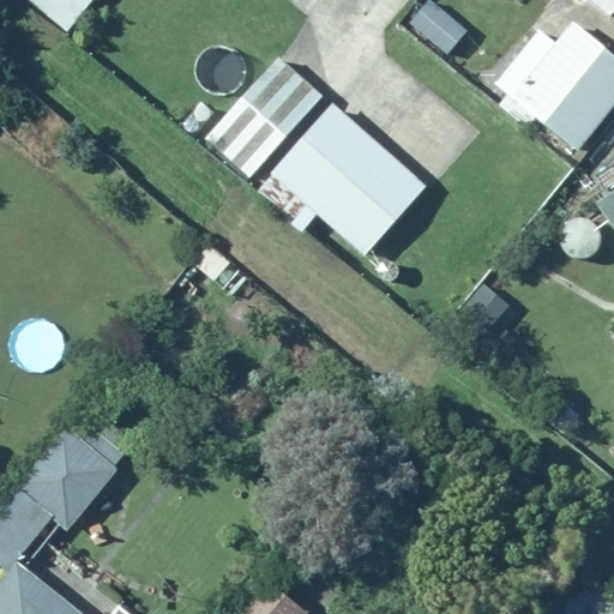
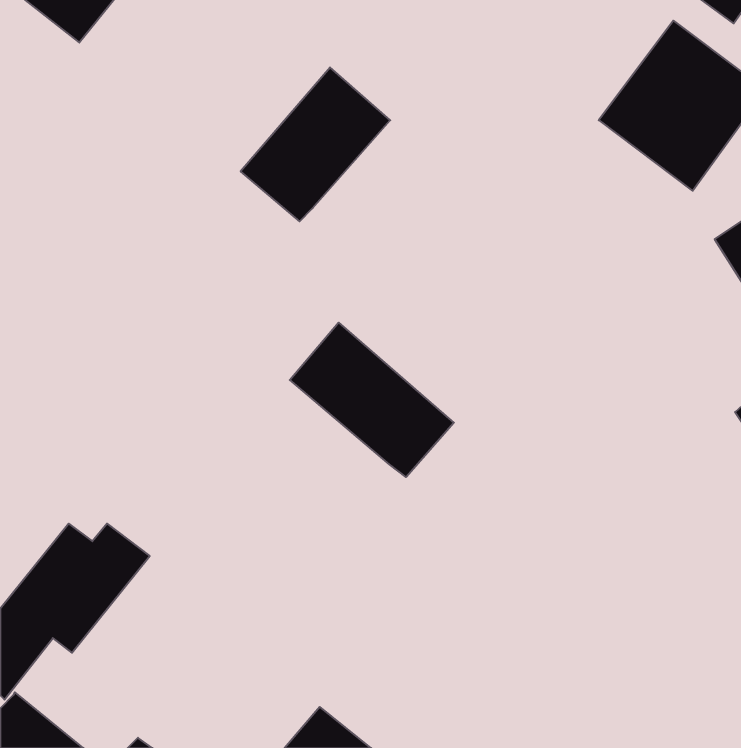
building: [263,96,428,258] -> none
building: none -> [290,323,454,477]

